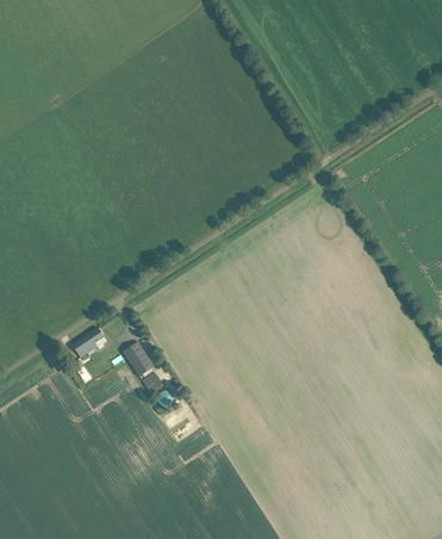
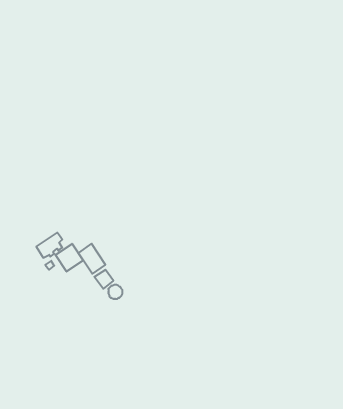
building: none -> [56,244,83,272]

